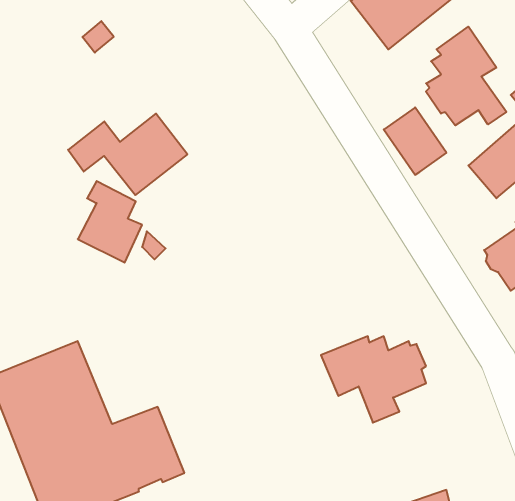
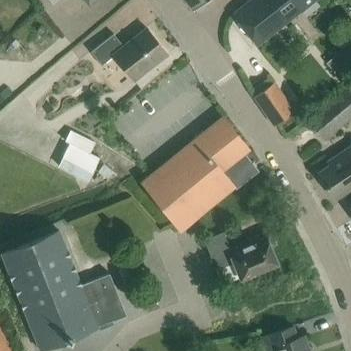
building: [426,27,506,125] -> none
building: [68,114,187,195] -> [91,29,167,81]
building: none -> [142,118,256,229]

